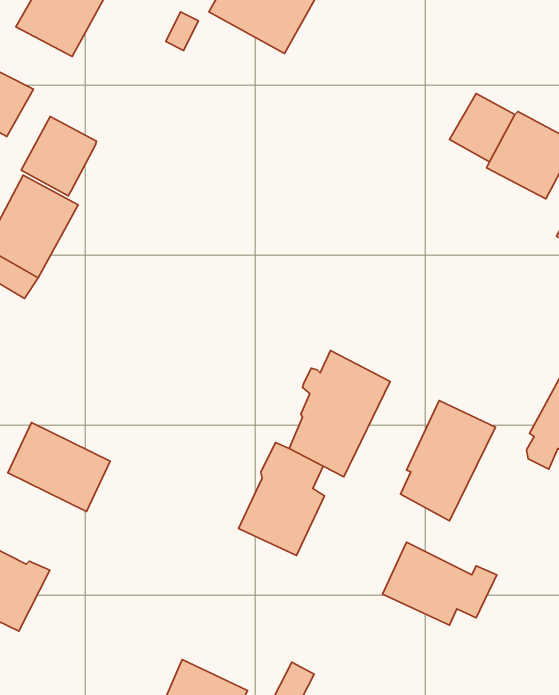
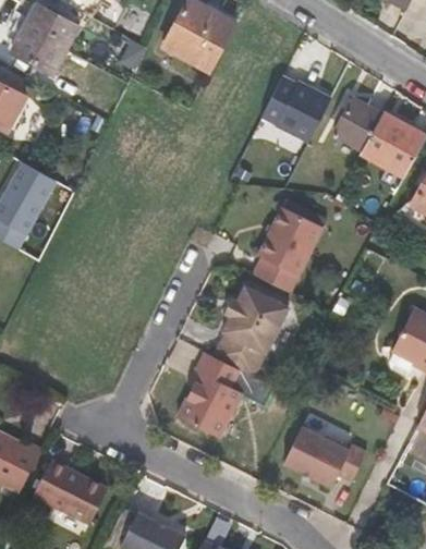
building: none -> [264,74,331,141]
building: [21,117,97,196] -> none
building: [400,400,496,521] -> [254,206,324,294]
building: [8,422,110,512] -> [31,459,106,524]

